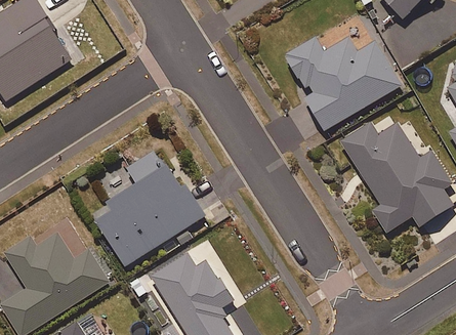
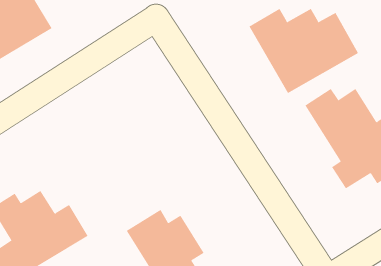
building: [98,149,205,265] -> none

